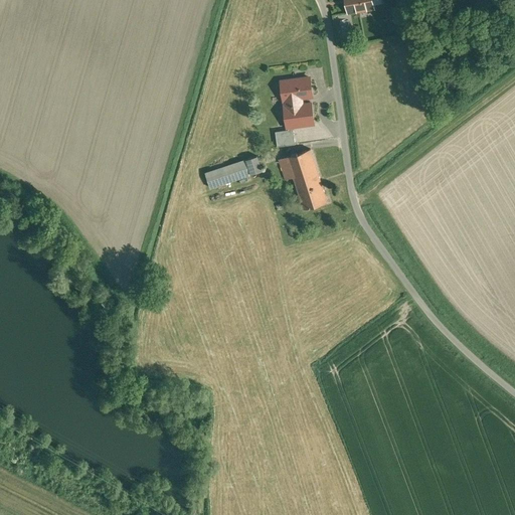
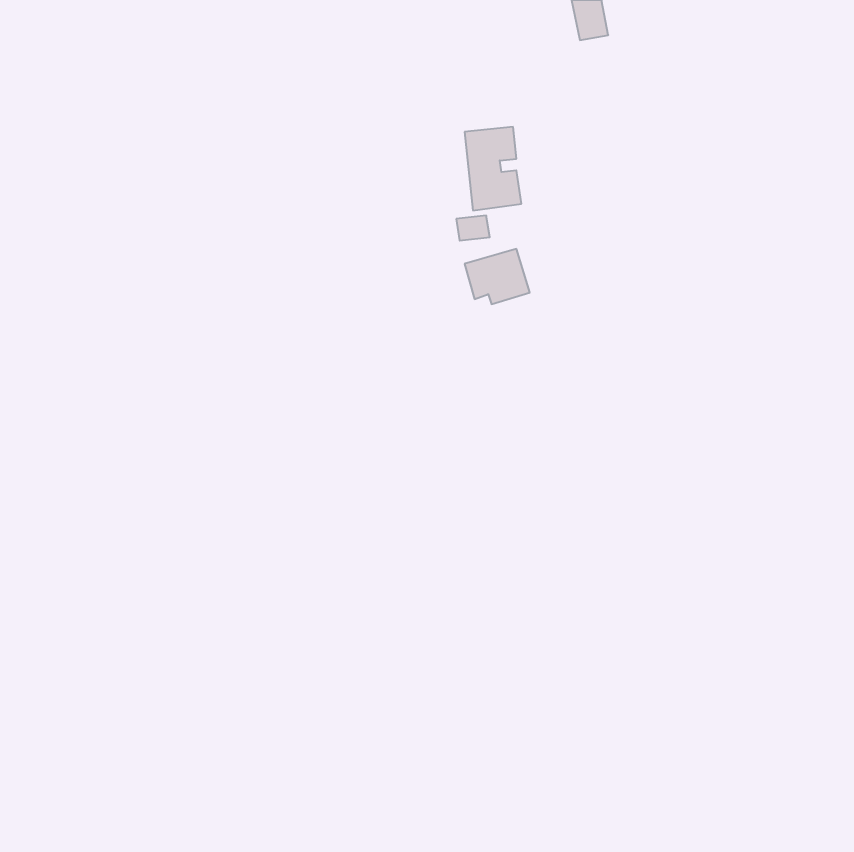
building: [205,157,262,188] -> none
building: [296,177,328,209] -> none

